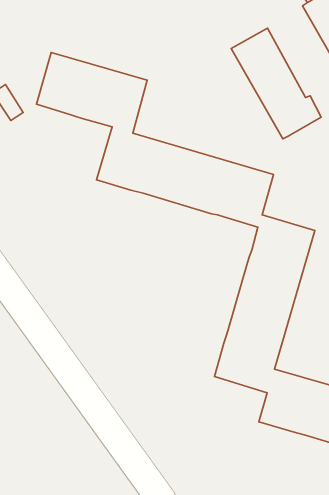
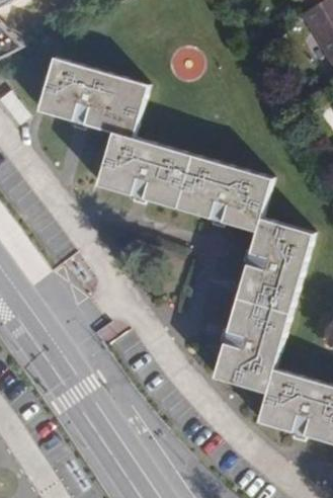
building: [231,28,321,139] -> none

